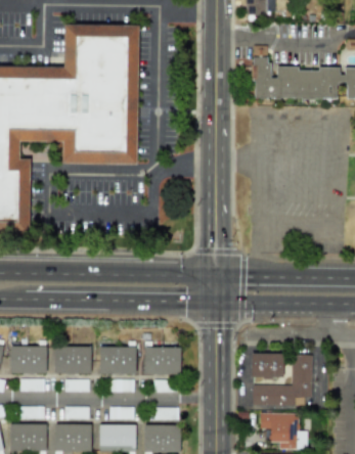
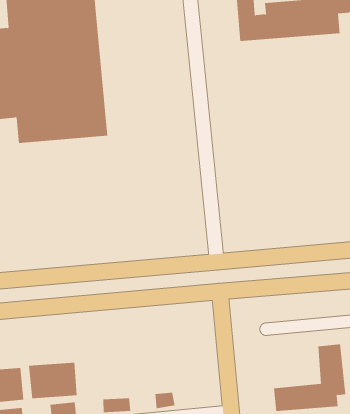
building: [100,347,137,374] -> none
building: [144,347,181,374] -> none
building: [251,352,284,377] -> none

